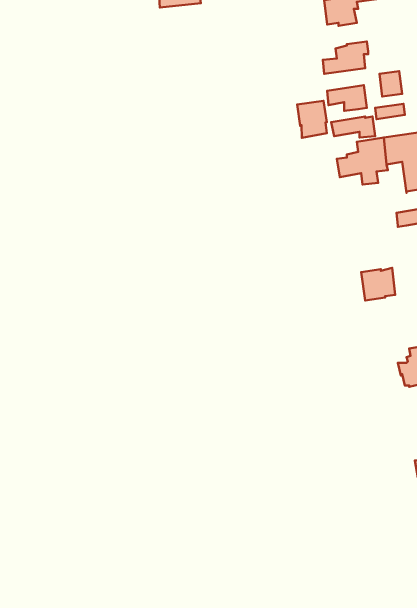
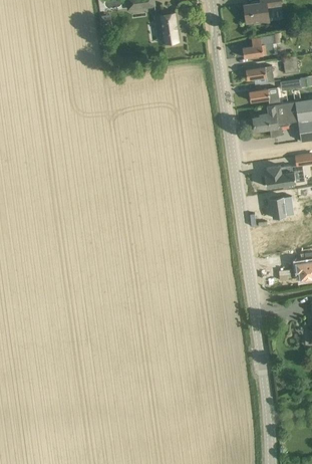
building: none -> [153,12,179,42]
building: [297,101,327,138] -> none
building: none -> [264,165,295,188]

